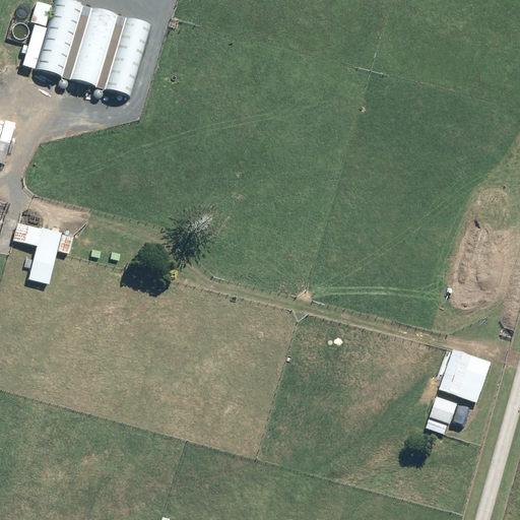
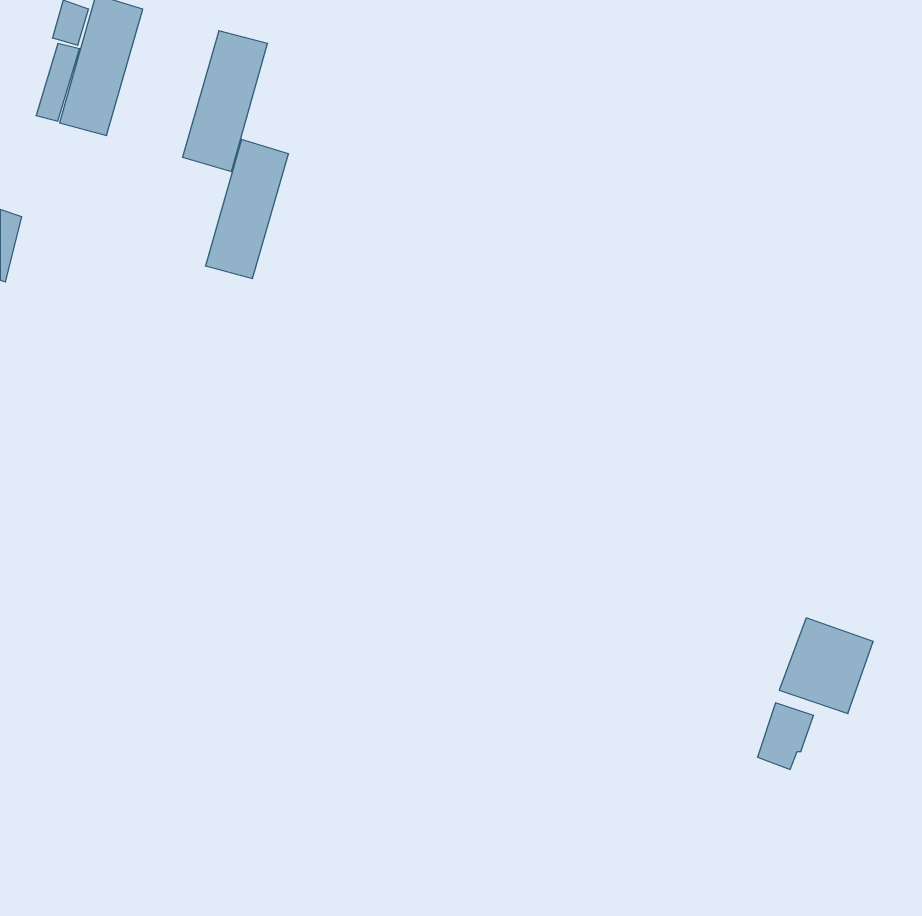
building: [69,7,116,85] -> [205,139,289,279]
building: [12,222,61,283] -> none

